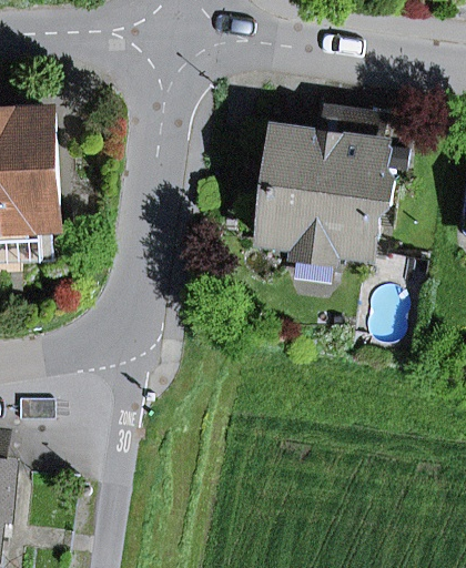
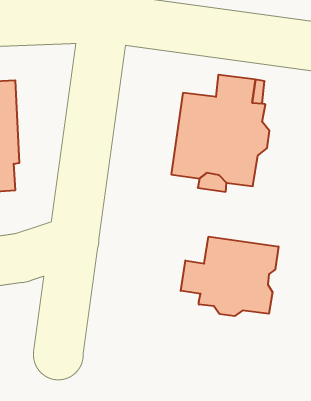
building: none -> [181,237,278,316]

